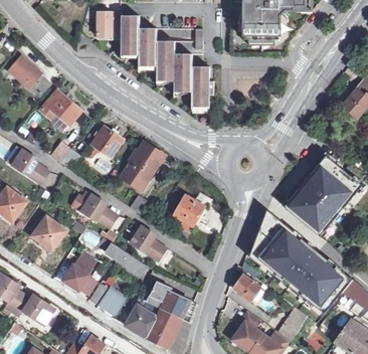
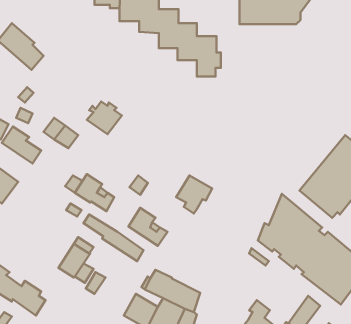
building: [39,88,81,124] -> none
building: [121,141,164,188] -> none
building: [31,214,66,249] -> none
building: [234,274,265,302] -> none
building: [98,287,125,315] -> none

